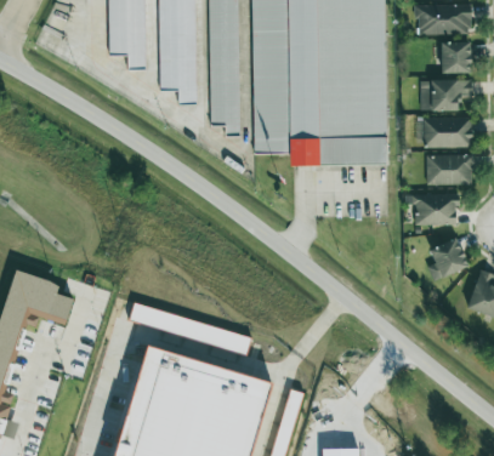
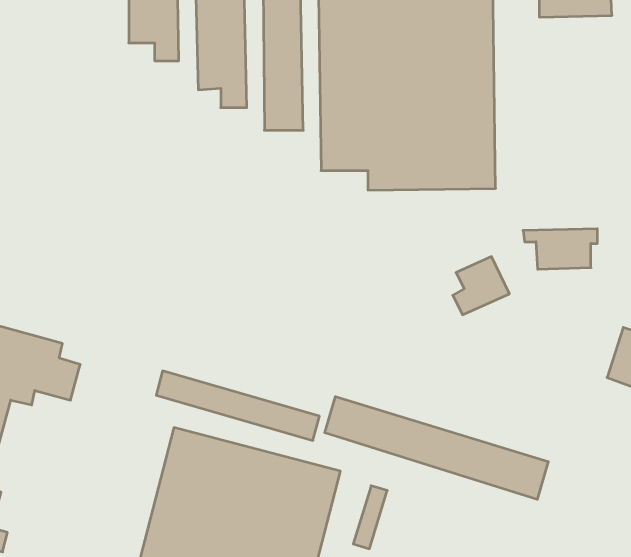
building: [442,42,471,74] -> none
building: [421,80,473,112] -> none
building: [425,118,473,148] -> none
building: [427,155,473,186] -> none
building: [427,239,470,283] -> [453,257,509,315]
building: none -> [325,397,548,499]

